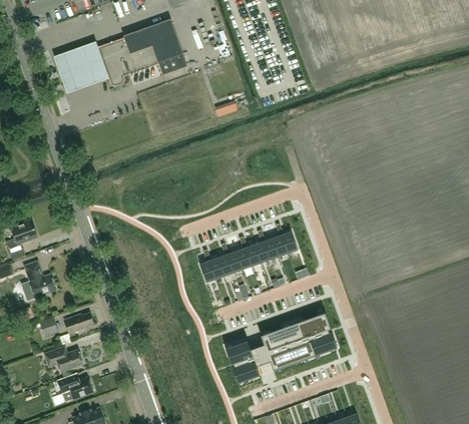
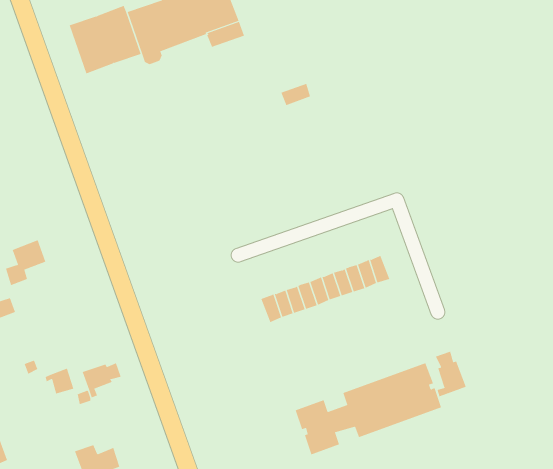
building: [24,261,55,297] -> none
building: none -> [435,351,467,397]
building: [44,347,82,371] -> none

